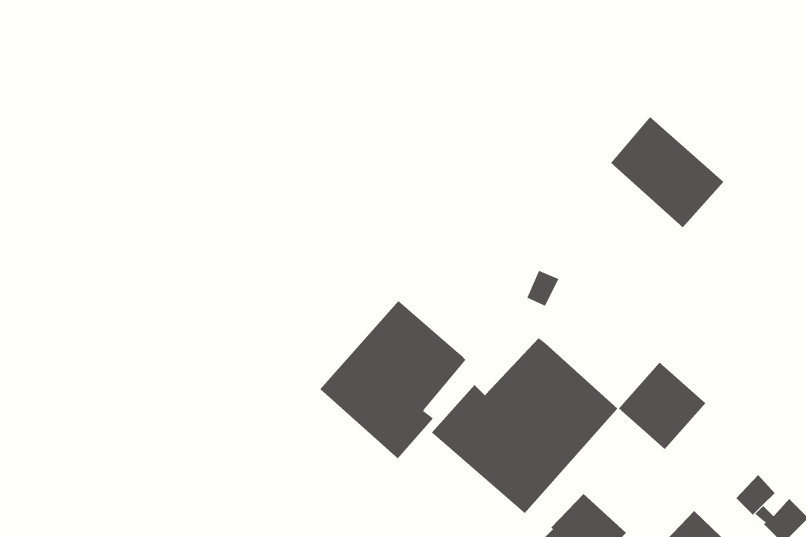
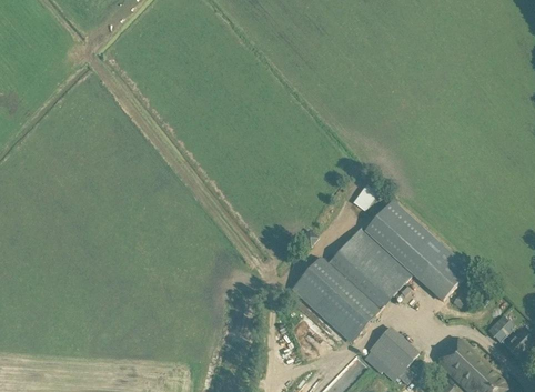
building: [610,116,724,228] -> [365,201,438,273]
building: [320,300,466,459] -> none

